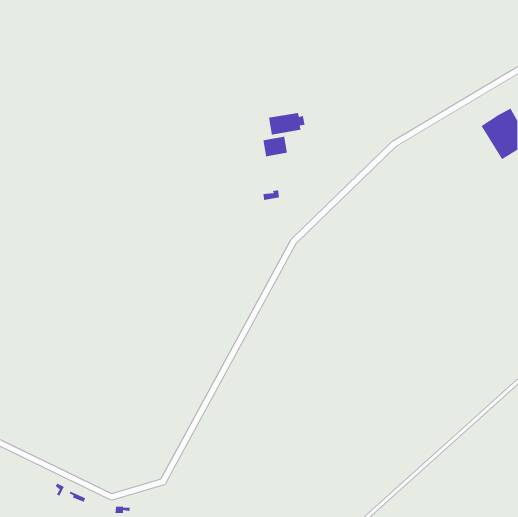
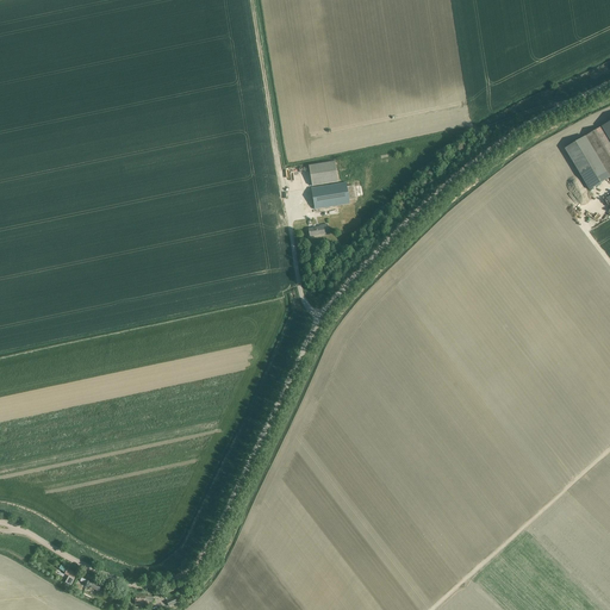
building: [268,112,306,135] -> [311,181,355,208]

